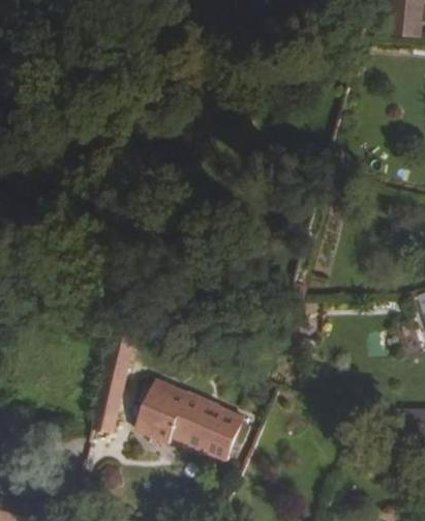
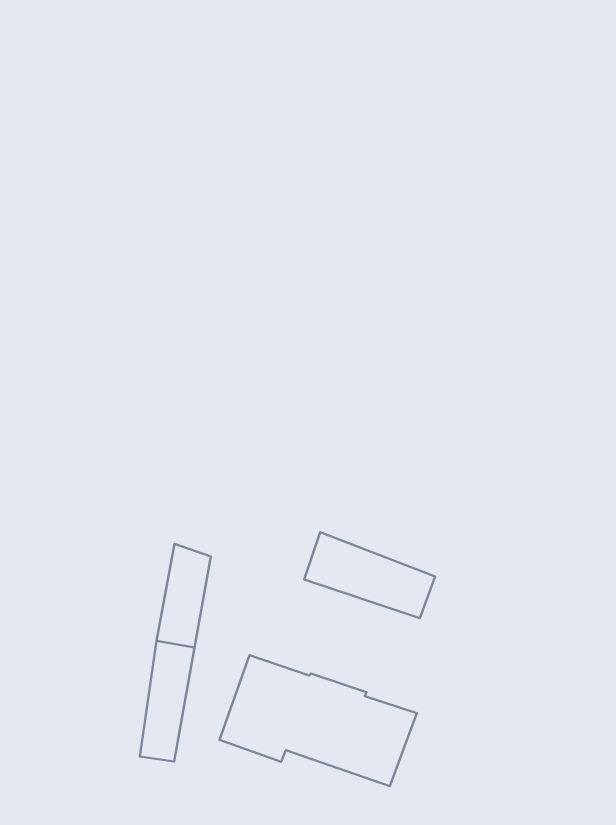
building: none -> [304,532,435,618]

